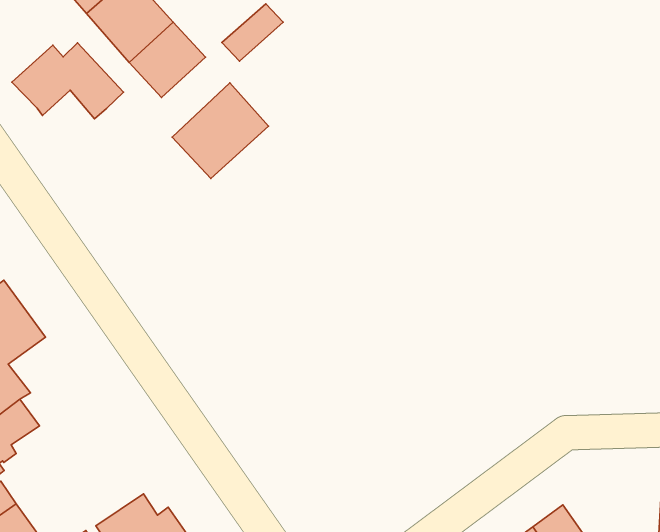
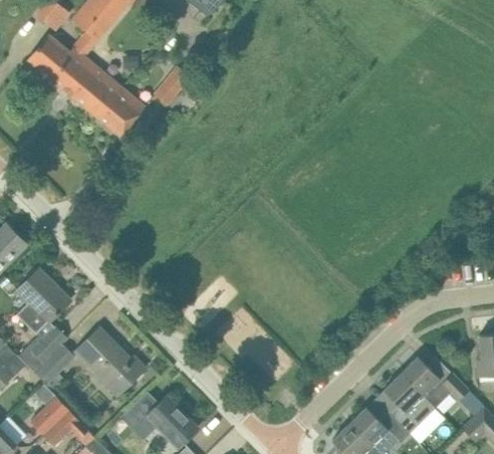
building: [12,43,123,119] -> none
building: [172,83,268,179] -> none
building: none -> [74,326,145,395]

